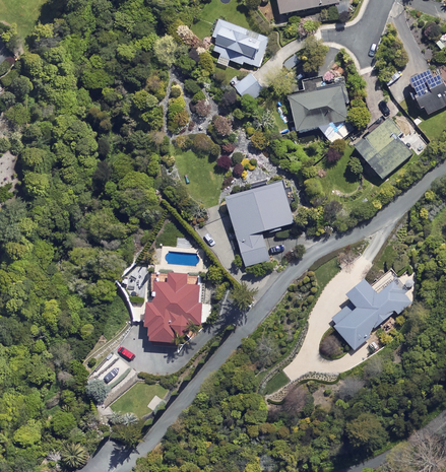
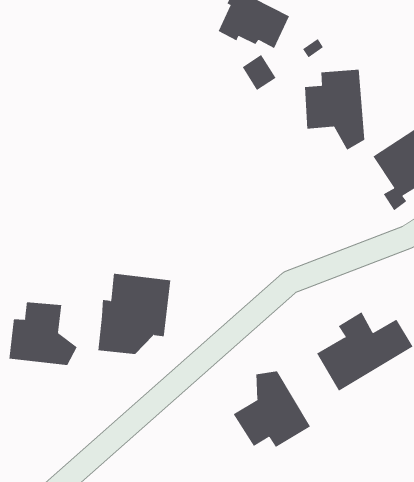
building: [225,180,294,265] -> none
building: none -> [9,301,77,366]
building: none -> [233,371,311,448]

